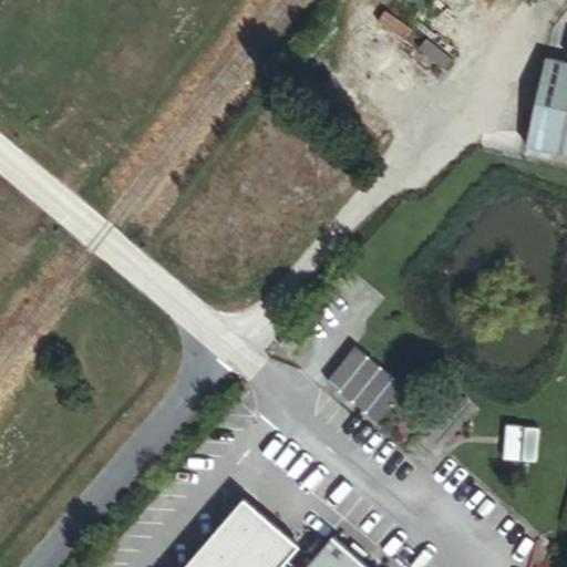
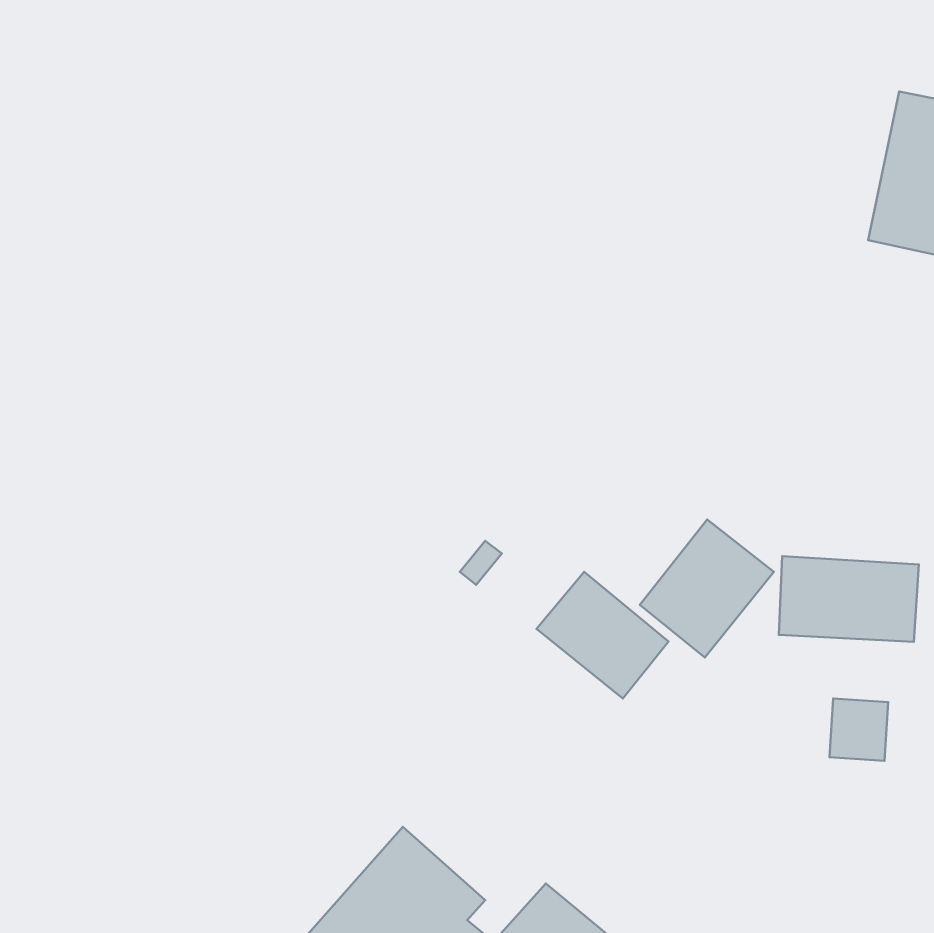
building: none -> [640,520,774,657]
building: none -> [779,556,919,642]

